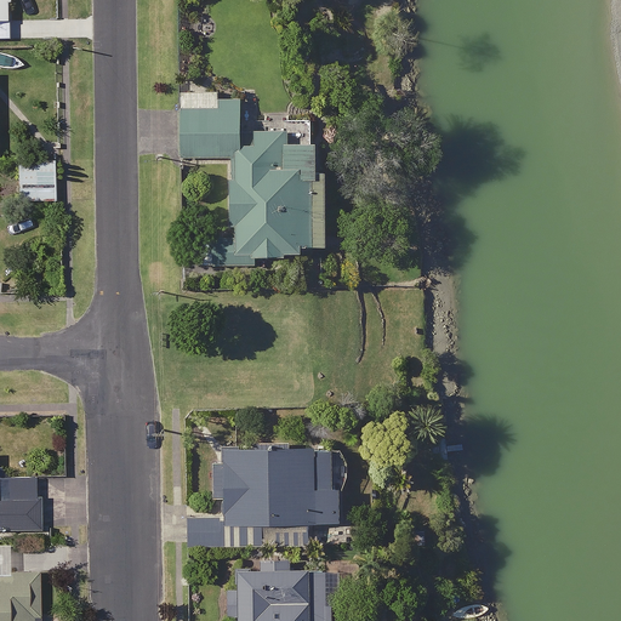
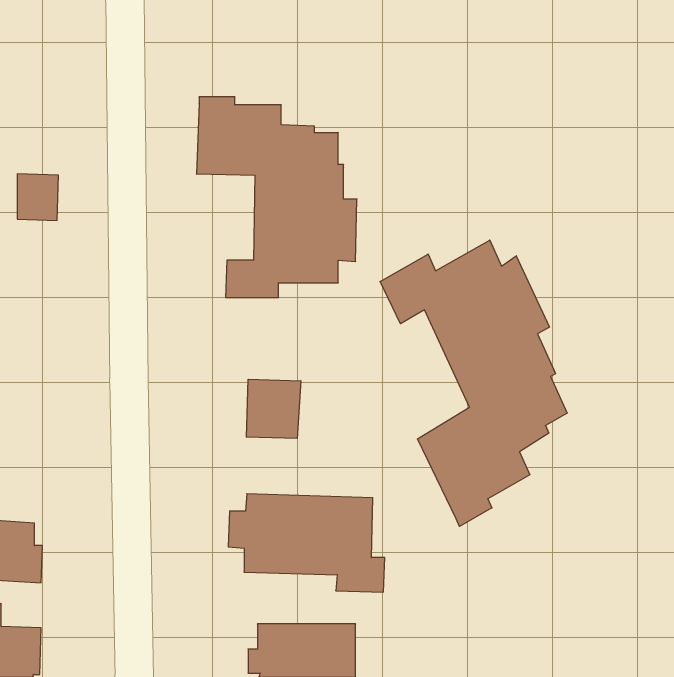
building: none -> [380,240,567,526]
building: none -> [246,379,301,438]

